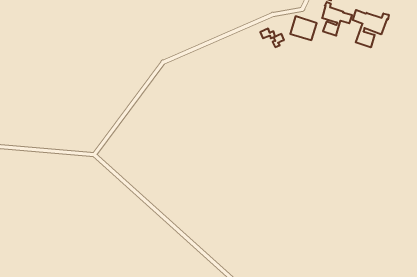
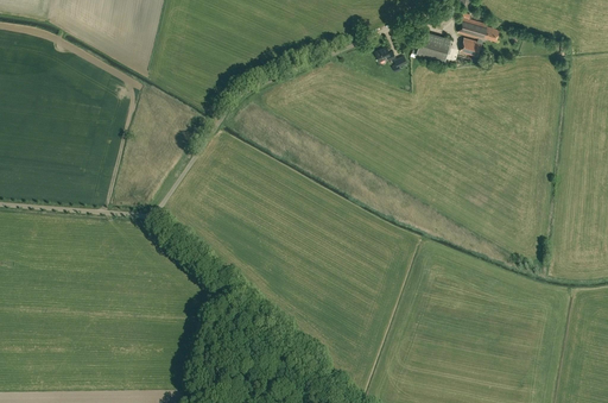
building: [353,10,389,47] -> none

